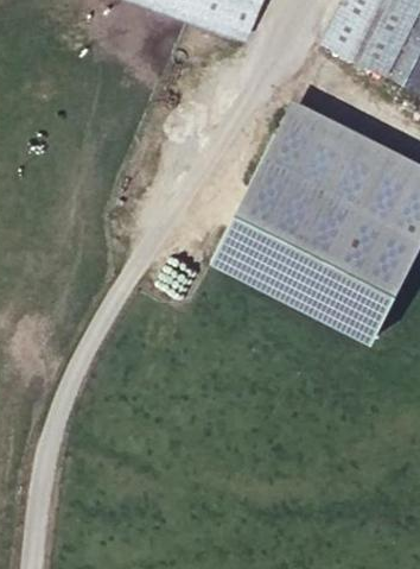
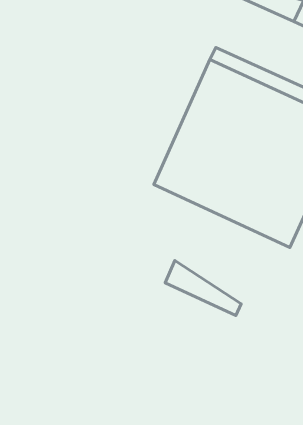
building: none -> [165,260,241,315]

